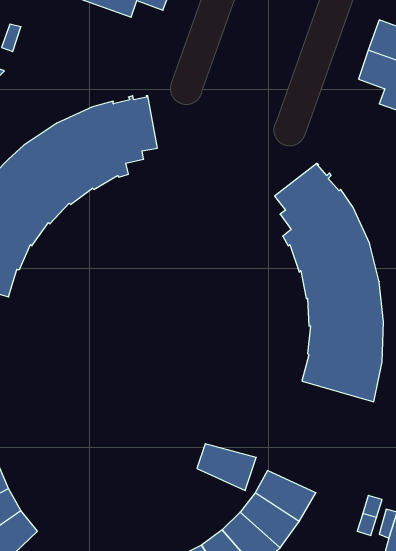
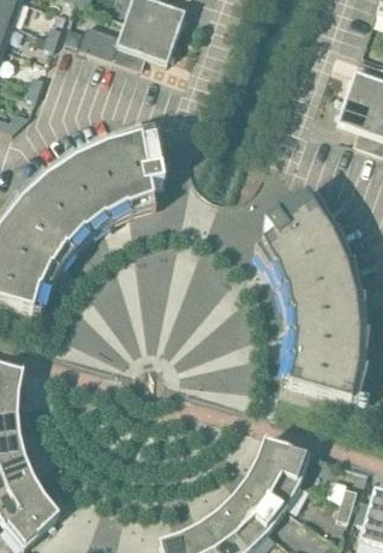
building: [197,444,256,491] -> [258,441,310,482]

